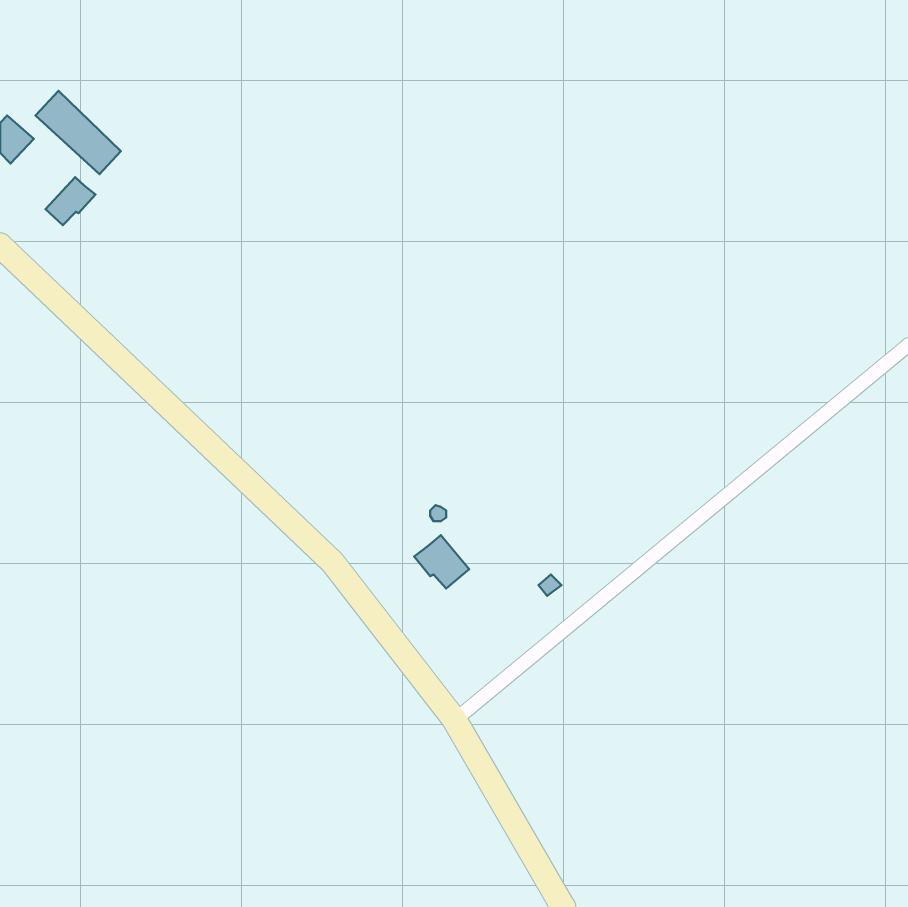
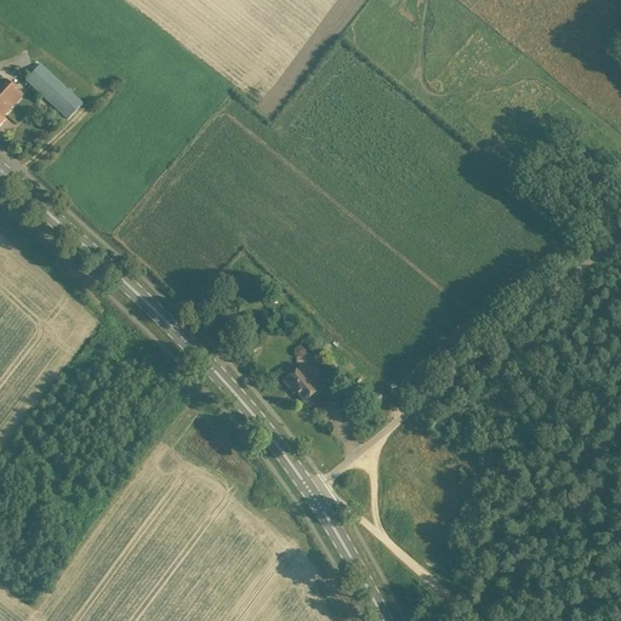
building: [45,177,95,225] -> none

